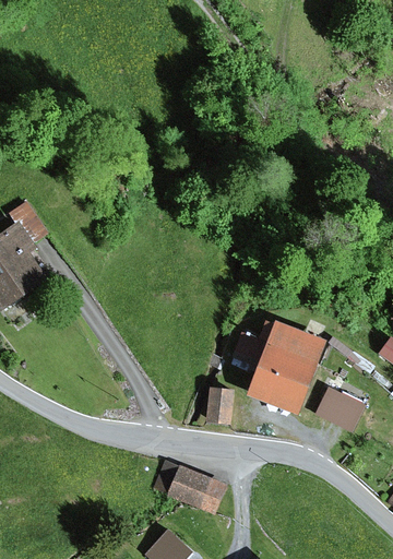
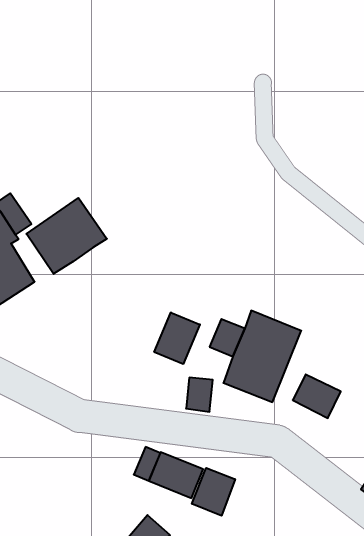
building: none -> [26,198,107,274]
building: none -> [154,312,200,364]
building: none -> [192,468,235,516]

